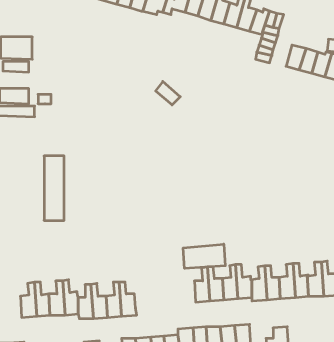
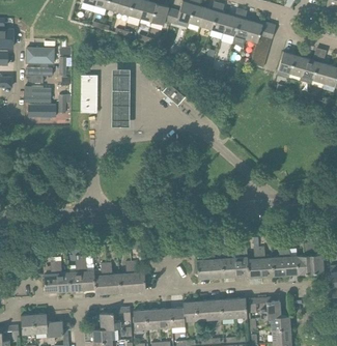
building: none -> [81,75,97,113]
building: [44,156,64,220] -> [112,69,130,126]
building: [183,244,225,268] -> none

